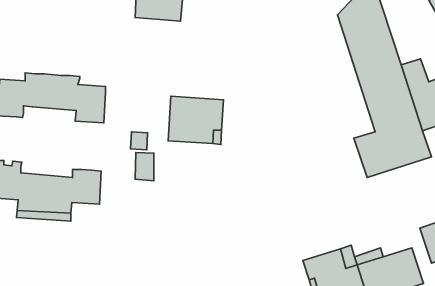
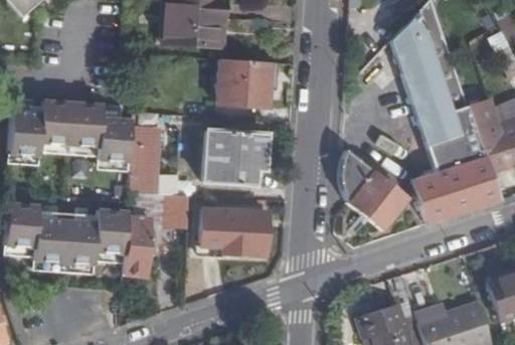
building: none -> [217,58,271,108]
building: none -> [130,127,160,193]
building: none -> [341,152,407,229]
building: none -> [124,207,151,274]
building: none -> [200,208,266,254]

